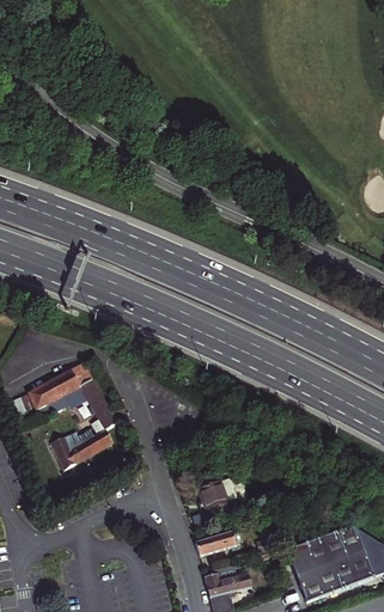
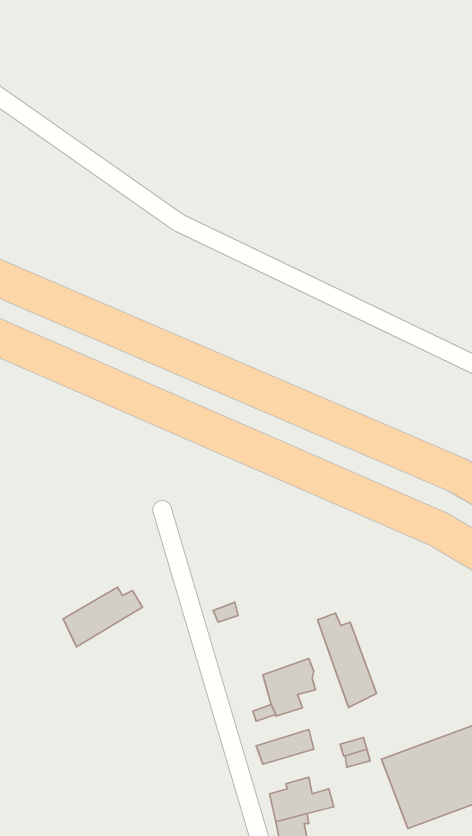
building: [29,363,118,429] -> none
building: none -> [317,613,377,707]

